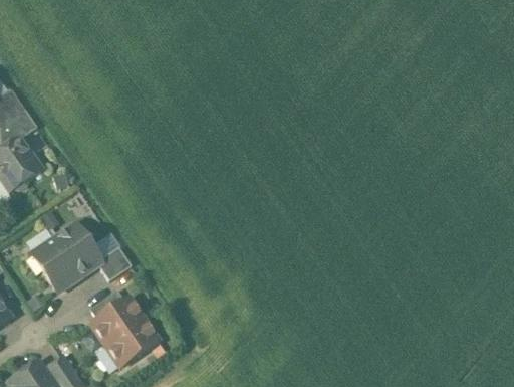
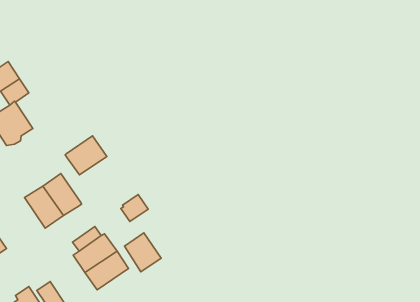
building: none -> [65,136,107,175]
building: [97,246,131,279] -> [121,194,148,222]
building: none -> [124,233,161,272]

